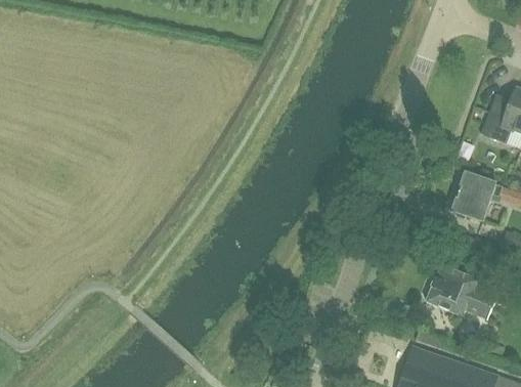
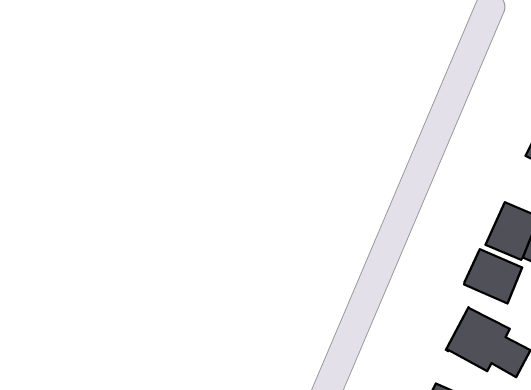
building: none -> [464,249,522,304]

